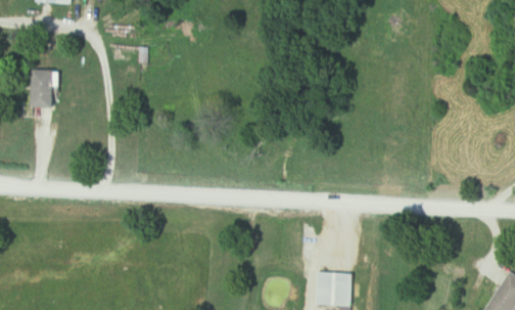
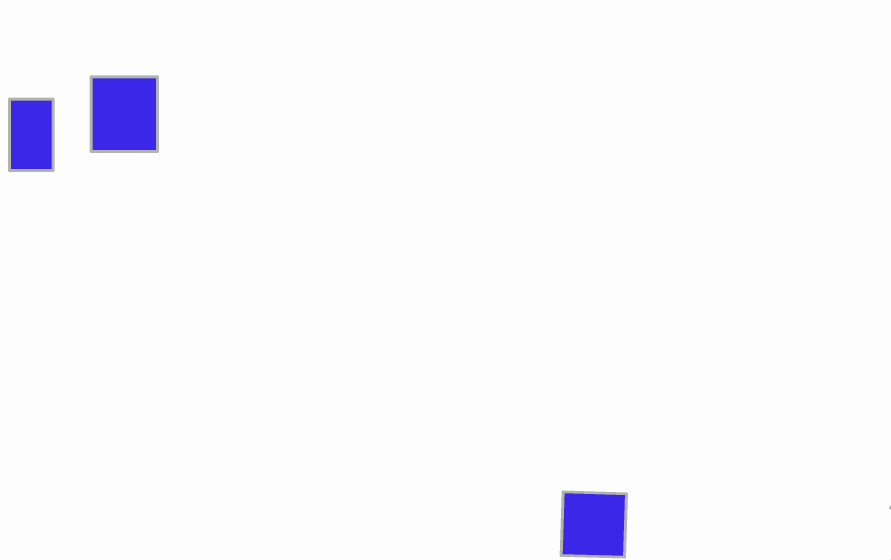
building: none -> [91,77,157,152]

